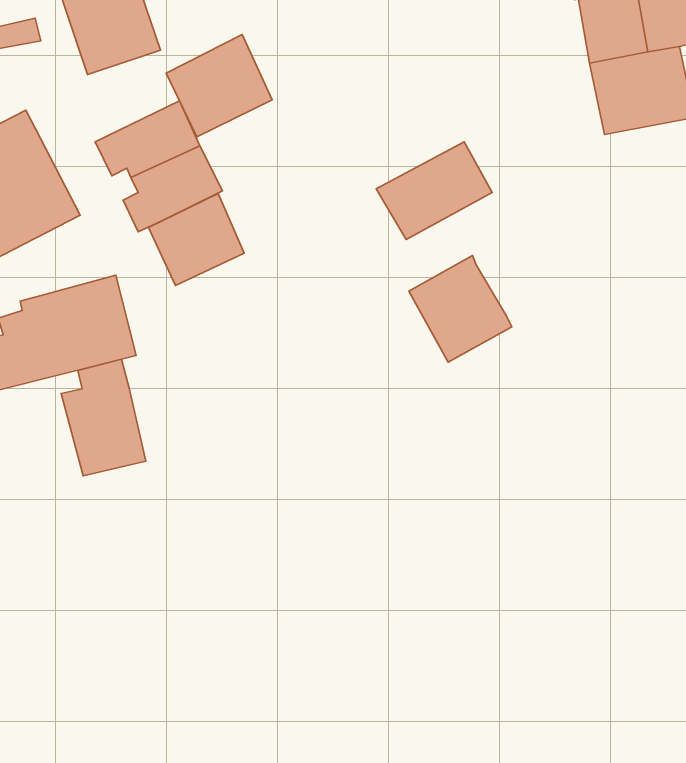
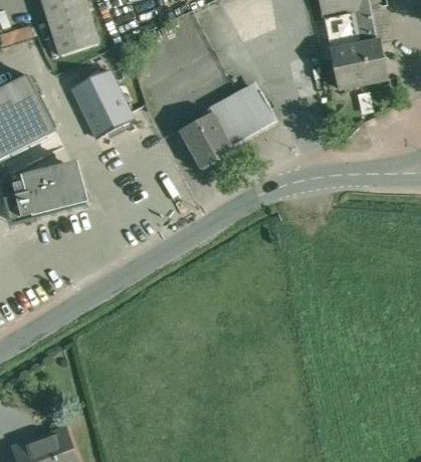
building: [166,35,272,137] -> none
building: [149,194,244,285] -> none
building: [409,255,512,362] -> [178,111,233,169]
building: [61,359,146,476] -> none

